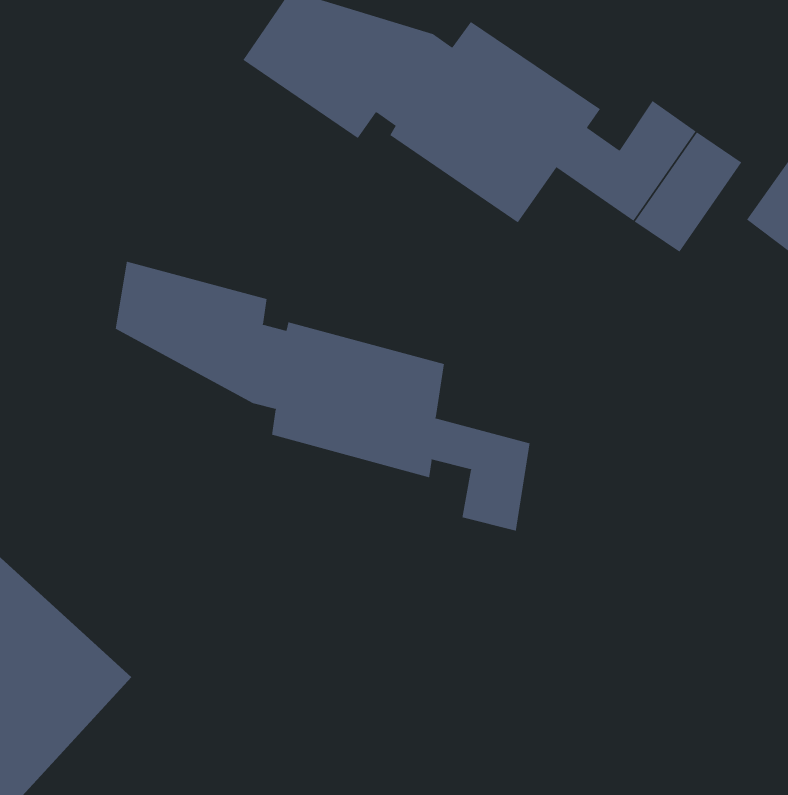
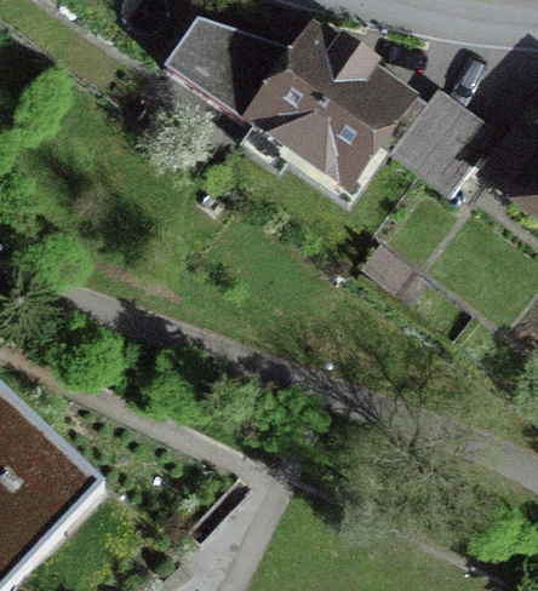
building: [115,261,530,532] -> none

